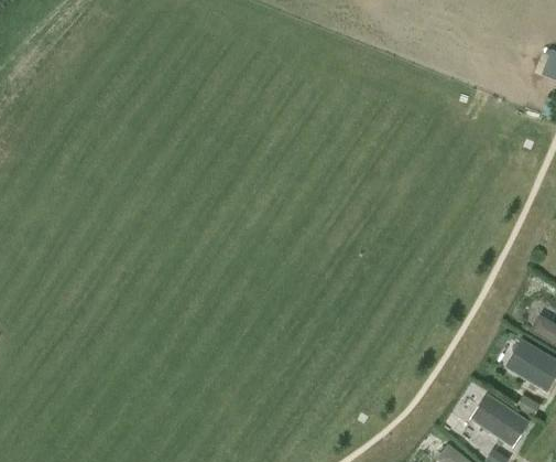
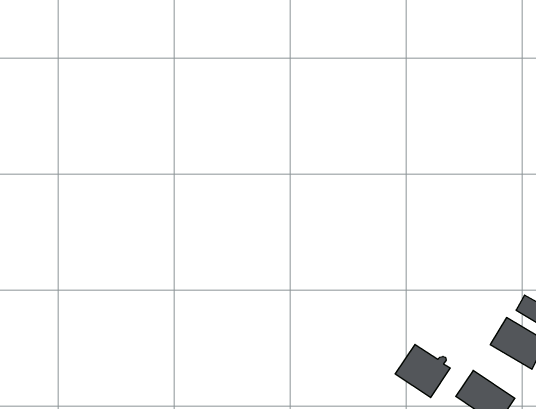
building: none -> [395,344,450,398]

